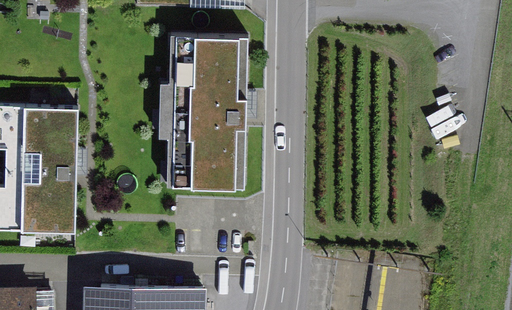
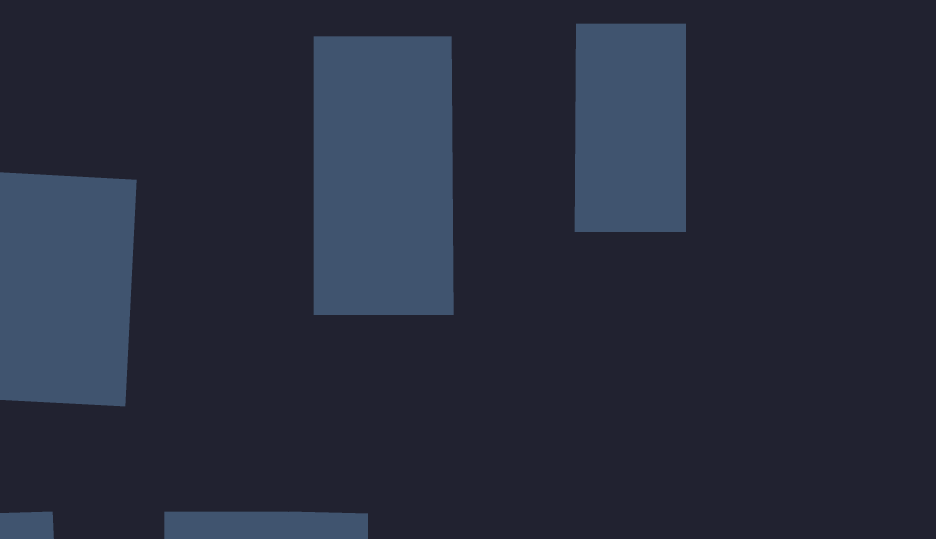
building: none -> [574,23,687,233]

